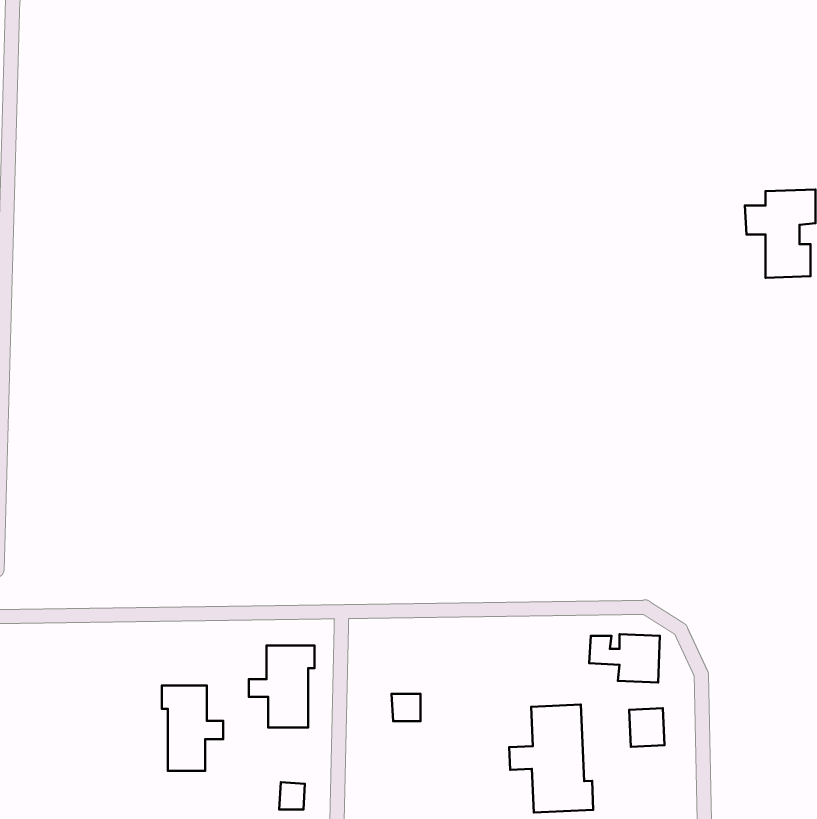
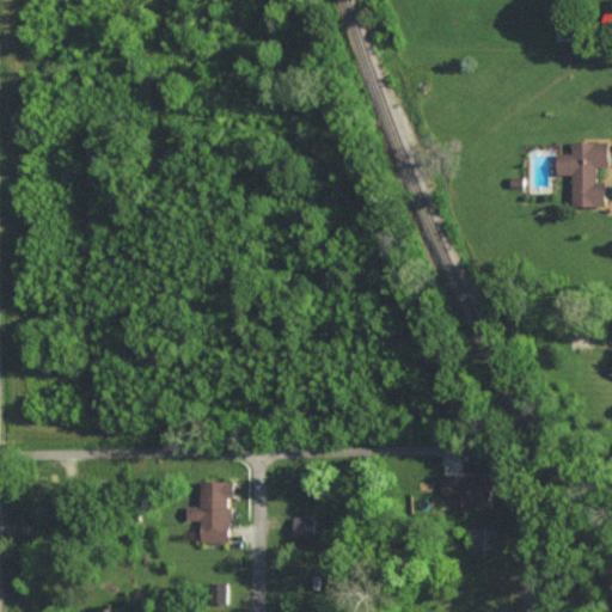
building: [162,686,223,771] -> none
building: [509,705,593,812] -> none

